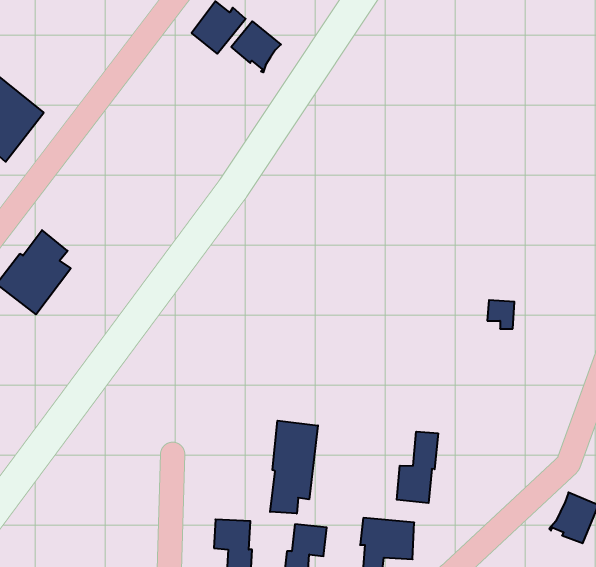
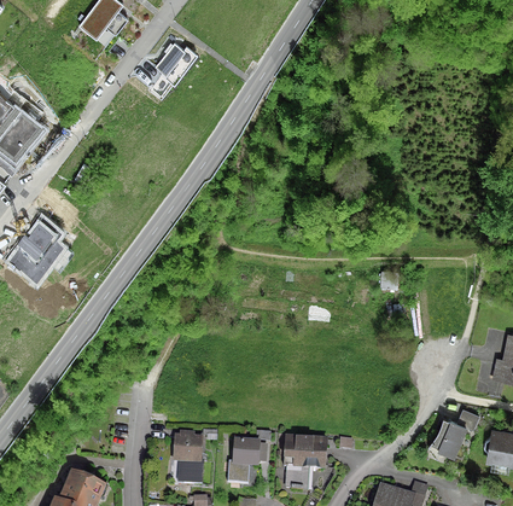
building: [231,21,281,72] -> none
building: [270,421,318,514] -> none
building: [397,432,438,503] -> none

